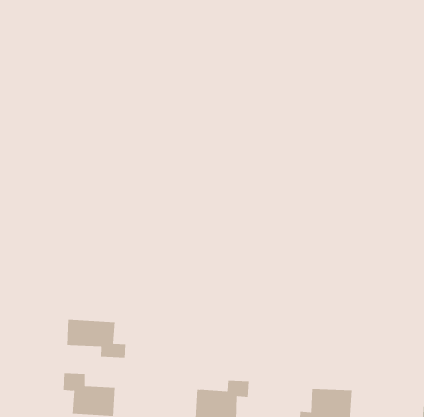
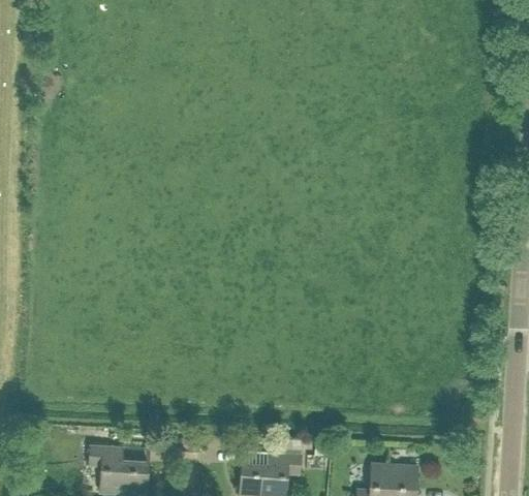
building: [67,319,126,359] -> none

